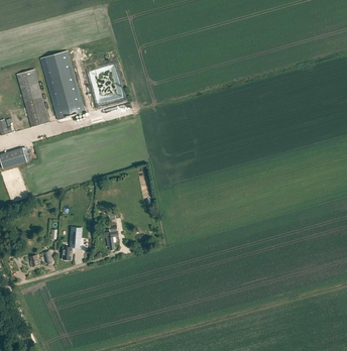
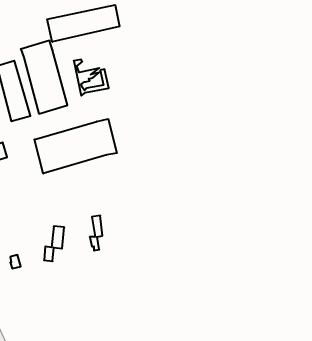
building: none -> [47,5,120,42]
building: none -> [34,119,117,174]

